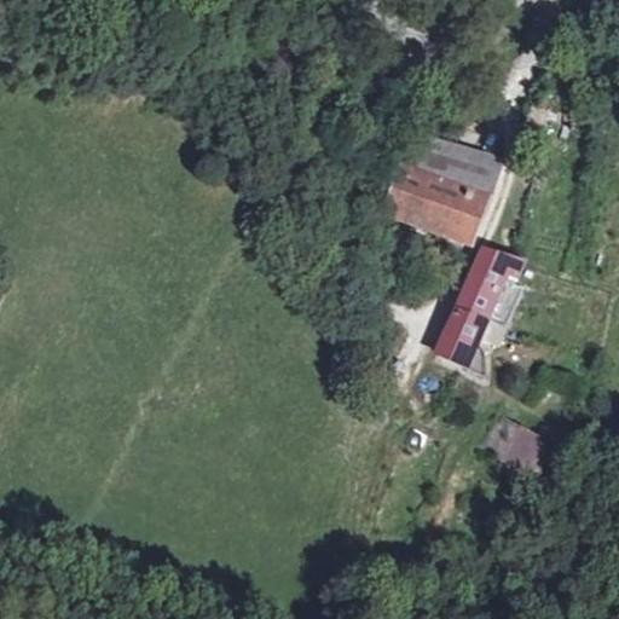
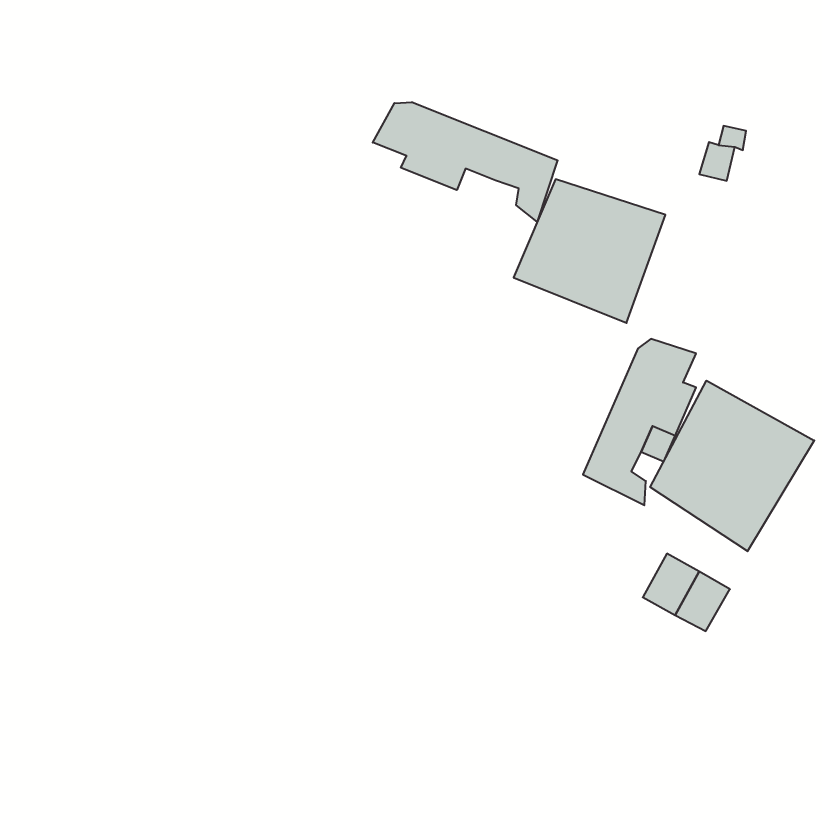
building: none -> [373,102,558,222]
building: none -> [650,381,814,551]

